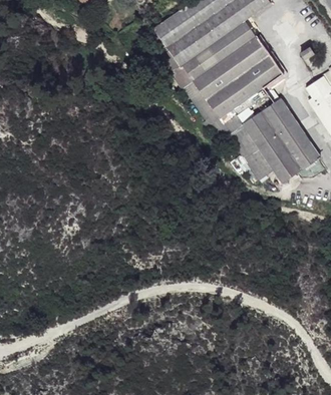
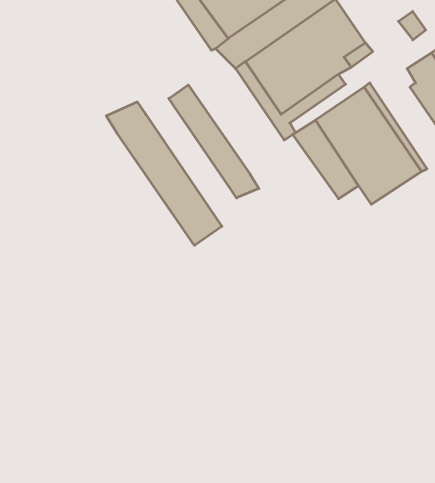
building: none -> [169,85,259,198]
building: none -> [106,102,222,245]

